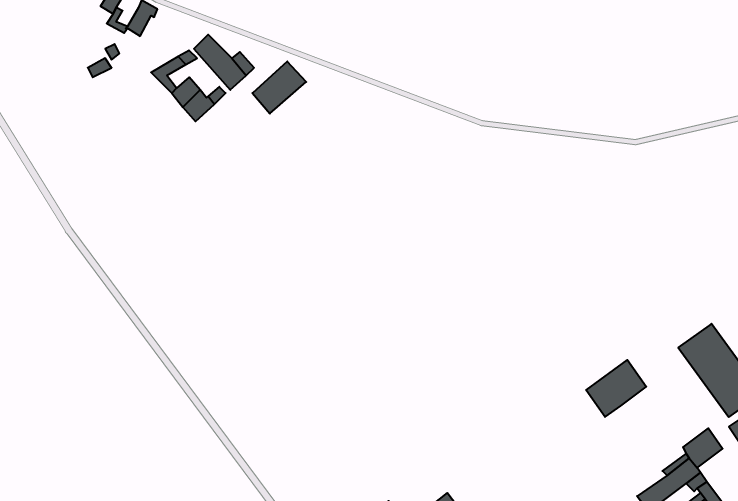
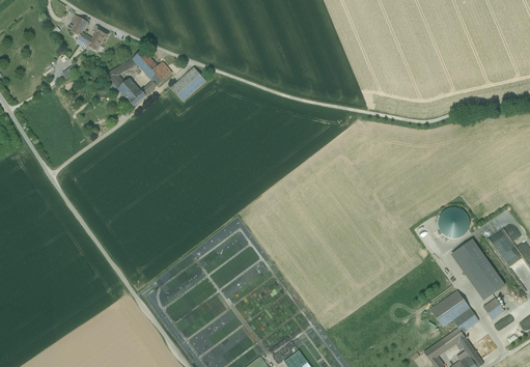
building: none -> [438,207,470,238]
building: [586,360,646,417] -> [430,290,470,328]

